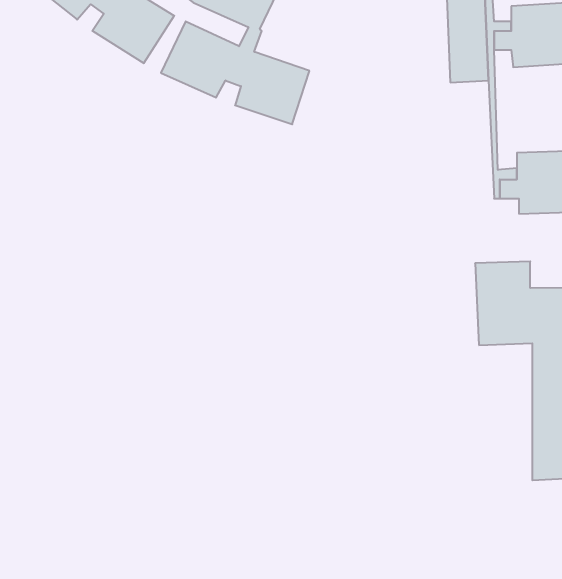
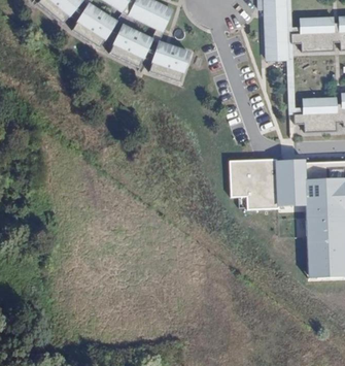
building: none -> [232,153,280,203]

